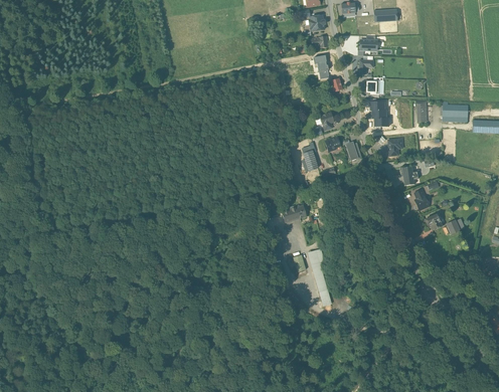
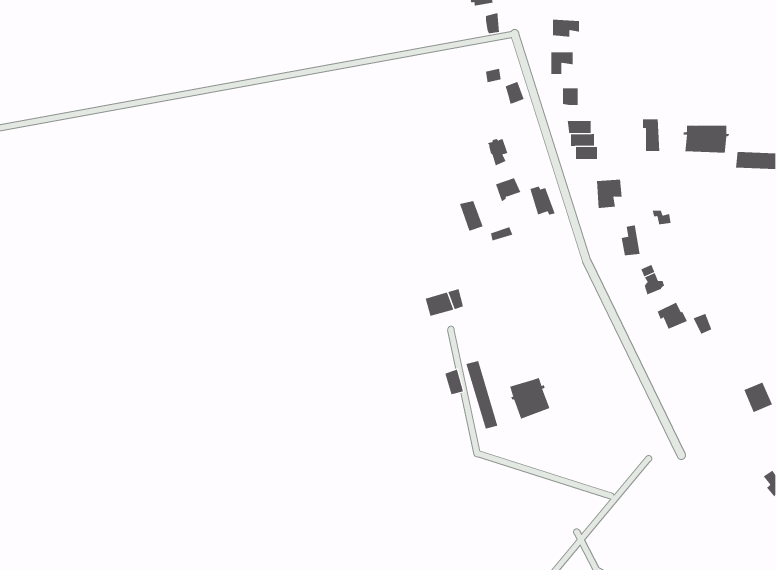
building: none -> [510,377,550,419]

